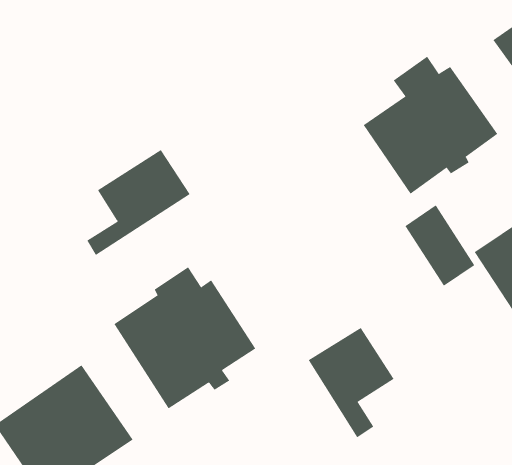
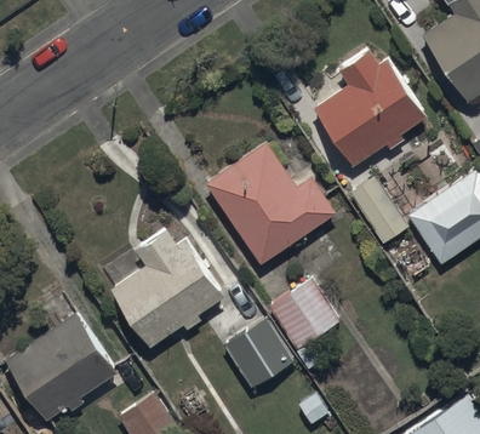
building: [87,149,191,256] -> none
building: none -> [206,142,335,262]
building: none -> [223,314,293,388]

